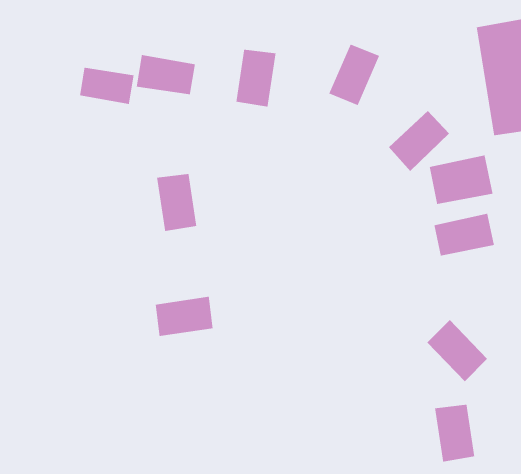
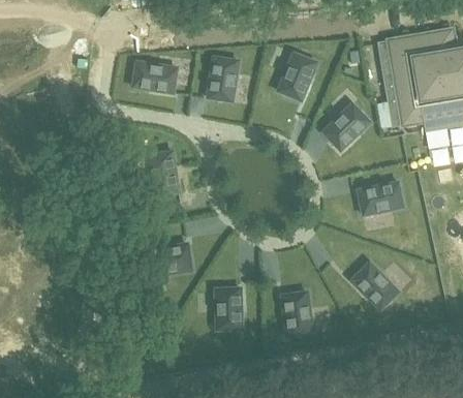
building: [79,67,134,105] -> none
building: [429,154,494,205] -> none
building: none -> [216,287,242,330]
building: [434,404,475,462] -> [282,292,313,336]

